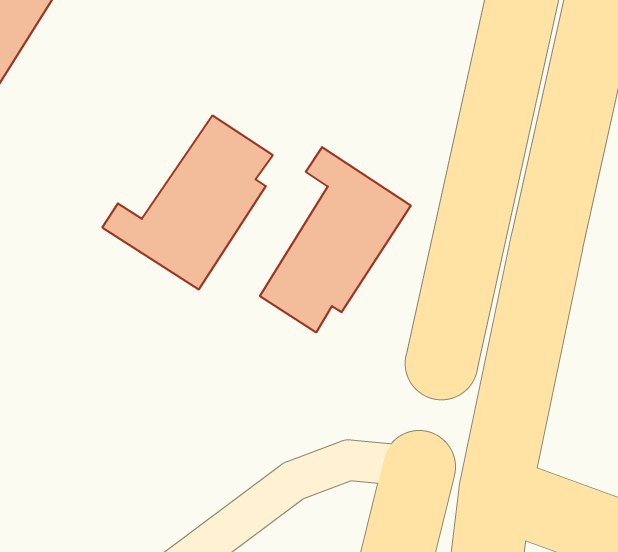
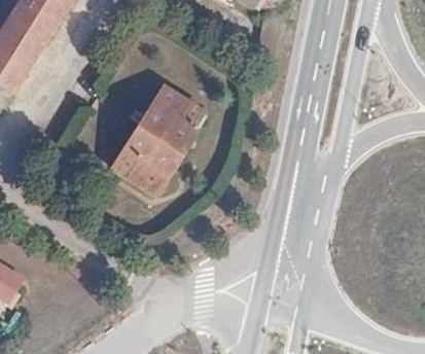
building: [260,147,411,332] -> none

